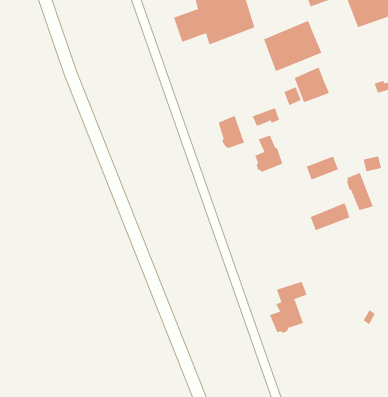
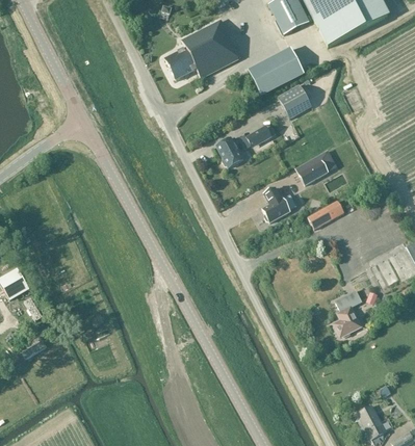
building: [255,135,283,173] -> [263,187,289,221]
building: [347,172,373,211] -> none
building: [269,281,308,333] -> [332,289,363,337]

